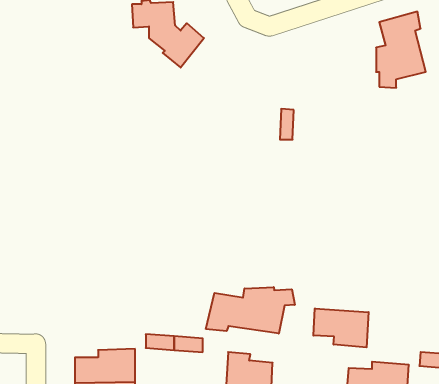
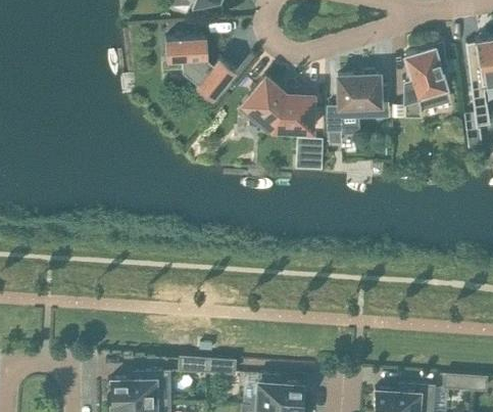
building: none -> [327,72,388,133]
building: none -> [243,77,314,132]
building: [206,287,295,334] -> none
building: [313,308,369,347] -> none

